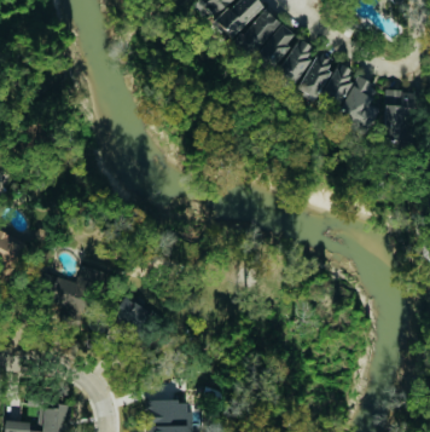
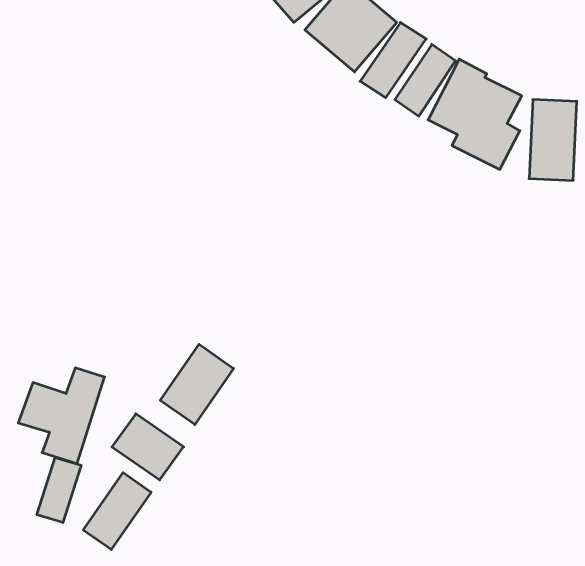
building: none -> [160,344,234,425]
building: none -> [37,457,81,523]
building: none -> [83,473,151,550]

